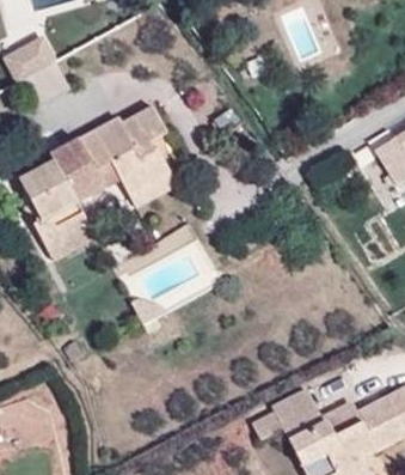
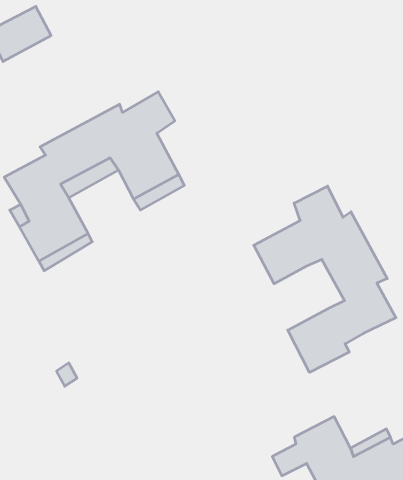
building: none -> [254,186,396,372]

